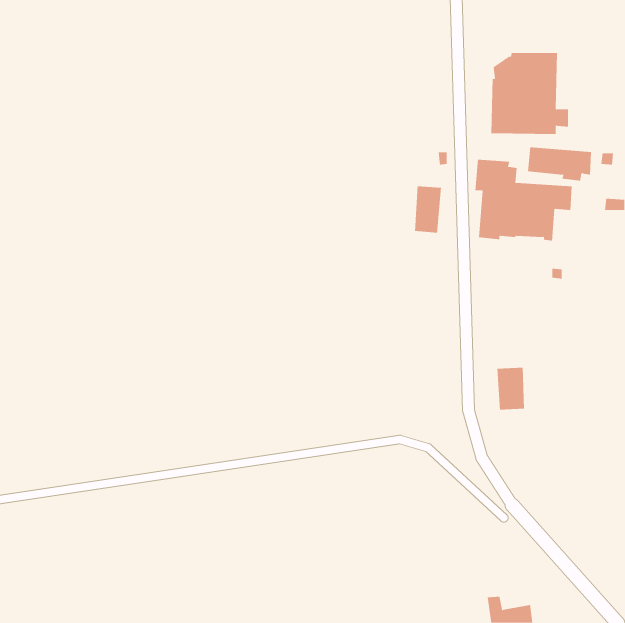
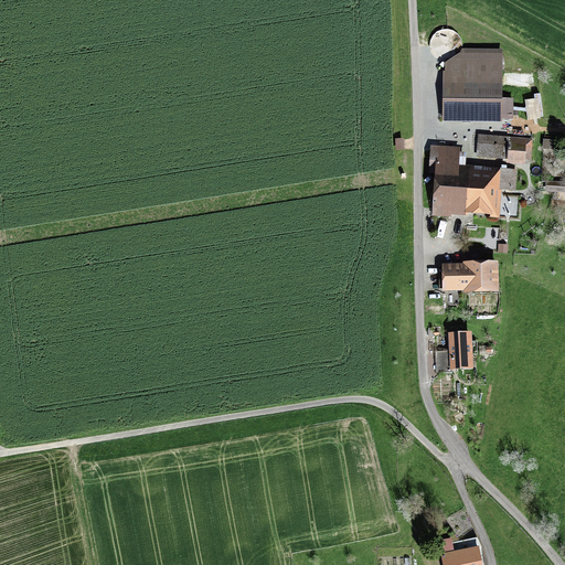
building: [414,185,442,233] -> none
building: none -> [443,260,498,292]

